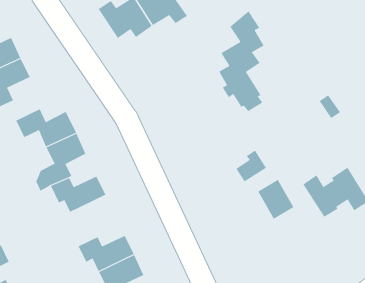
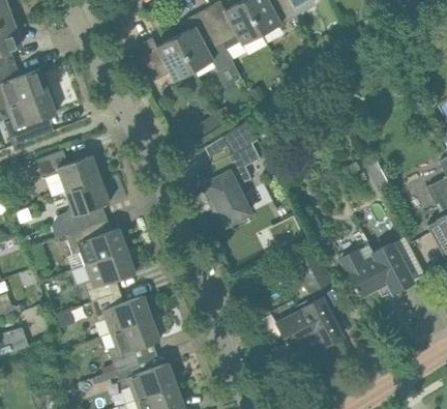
building: [218,11,265,112] -> [206,120,259,230]
building: none -> [84,250,136,302]
building: none -> [278,298,342,349]

